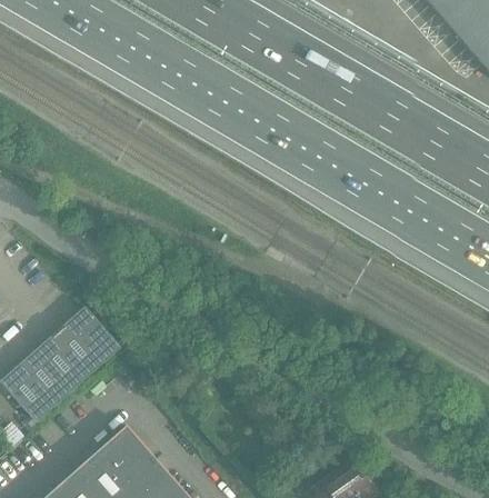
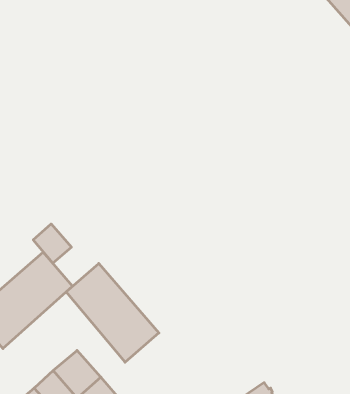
building: none -> [33,224,71,263]
building: none -> [66,263,159,362]

